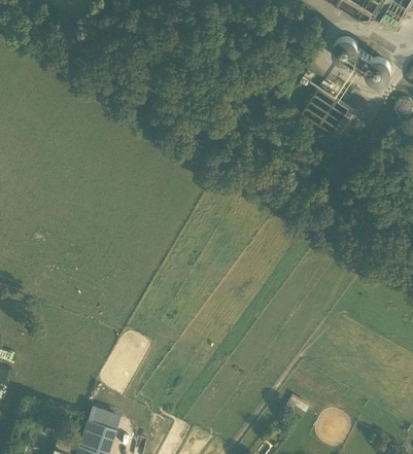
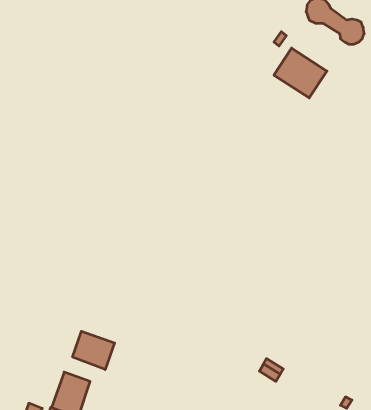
building: none -> [73,331,115,370]

